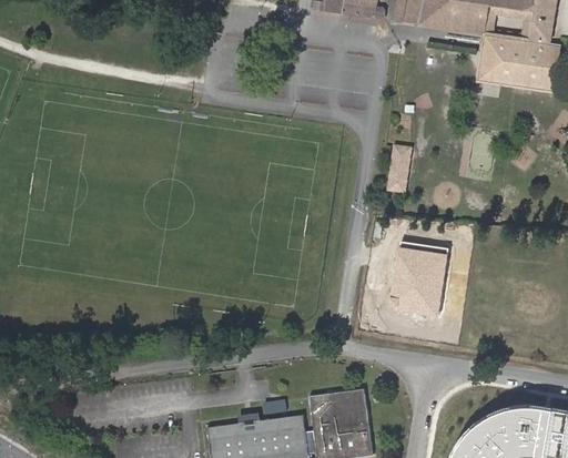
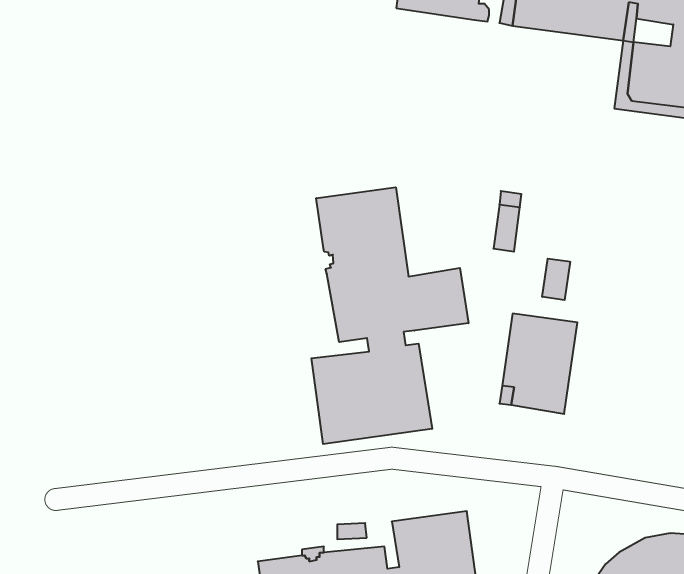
building: none -> [311,187,468,444]
building: none -> [542,259,570,300]

